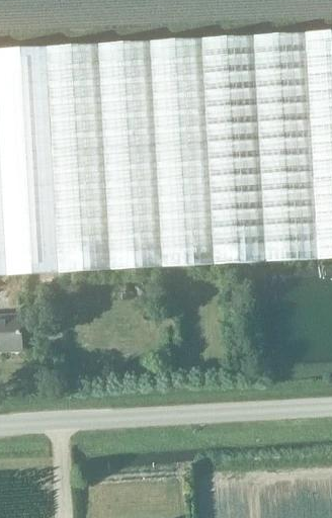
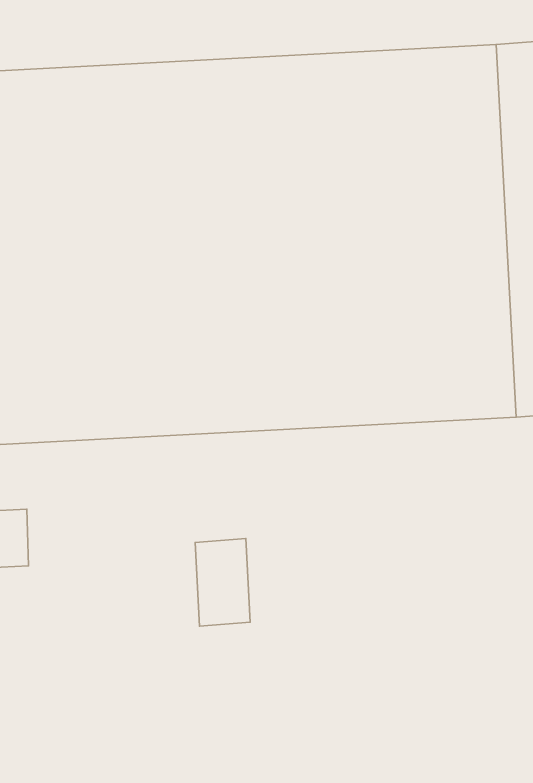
building: none -> [195,538,250,626]

